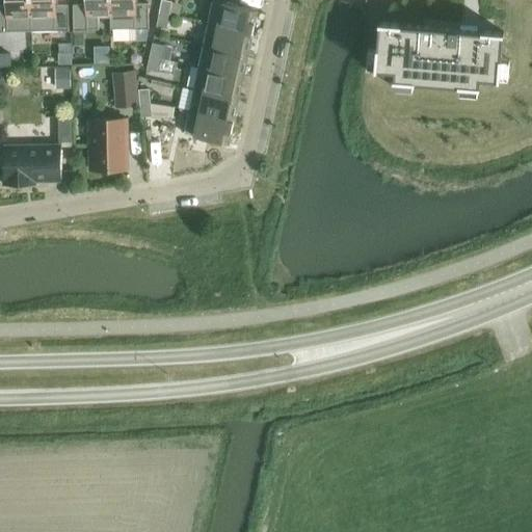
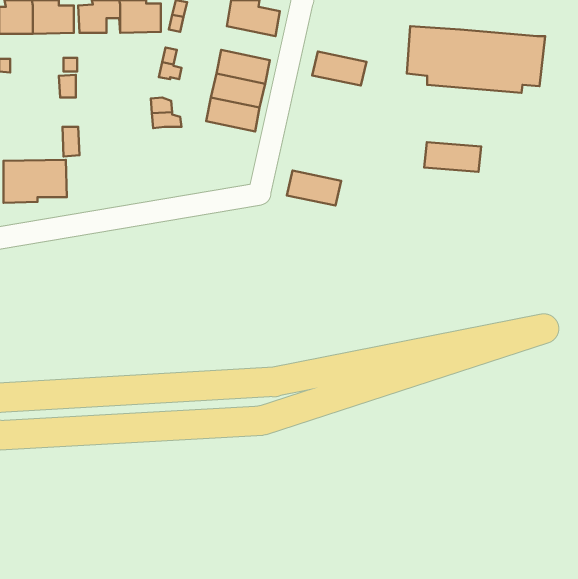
building: [203,24,252,55] -> [312,52,366,86]
building: [113,71,137,106] -> none
building: [184,111,234,143] -> [287,170,341,206]
building: [88,119,127,170] -> none
building: none -> [424,142,481,172]

